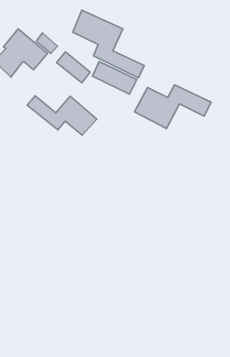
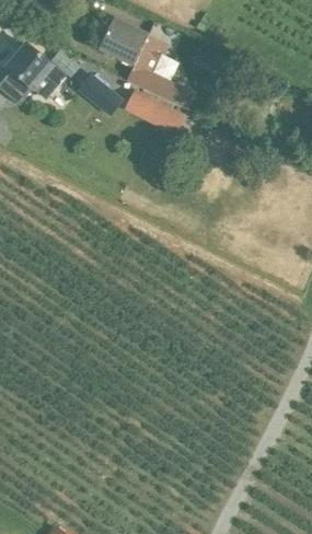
building: [134,85,211,129] -> none
building: [27,96,97,135] -> none

